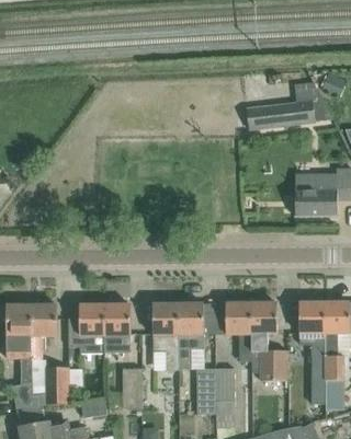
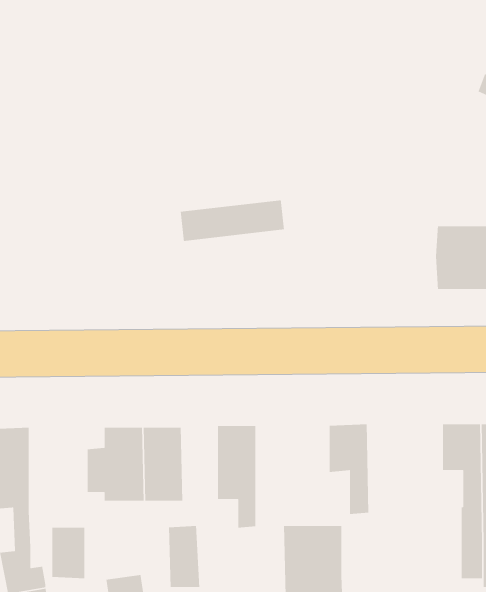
building: [247,101,315,128] -> [180,199,285,242]
building: [251,302,287,380] -> none
building: [179,303,204,367] -> none
building: [32,304,58,349] -> none

